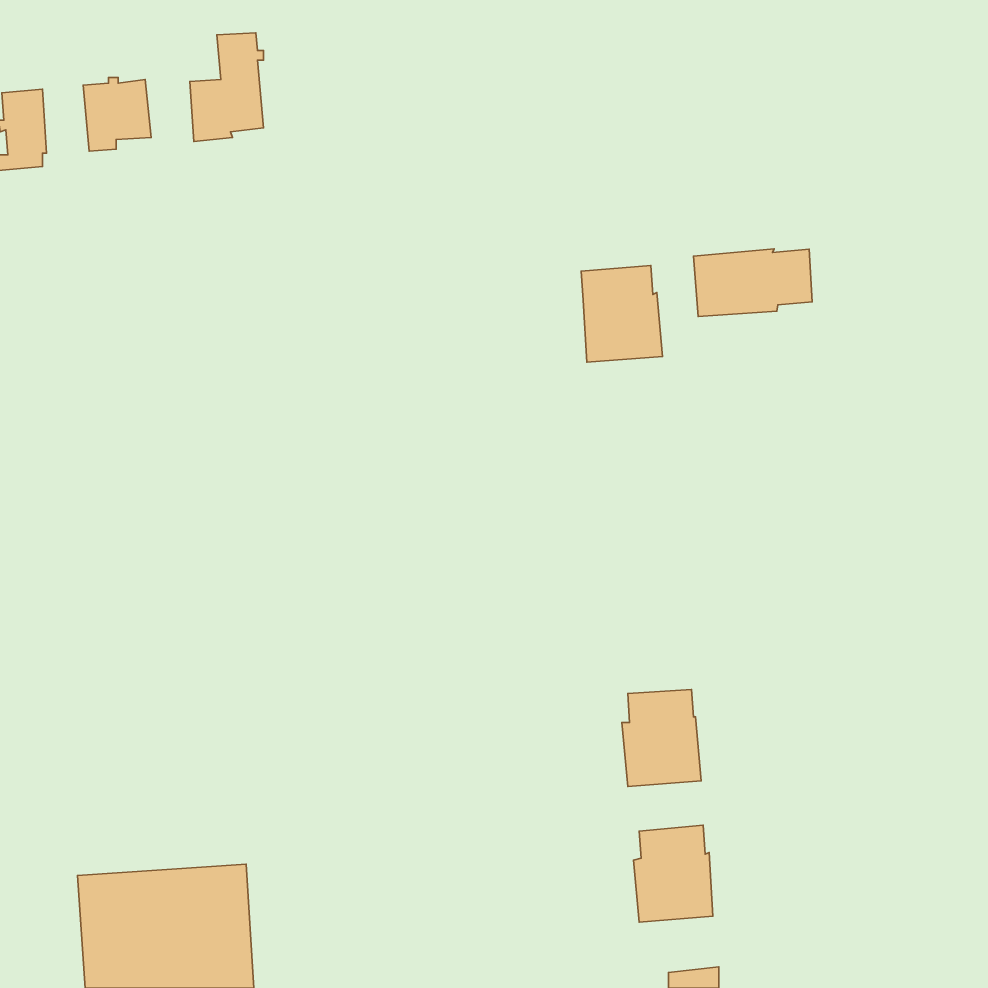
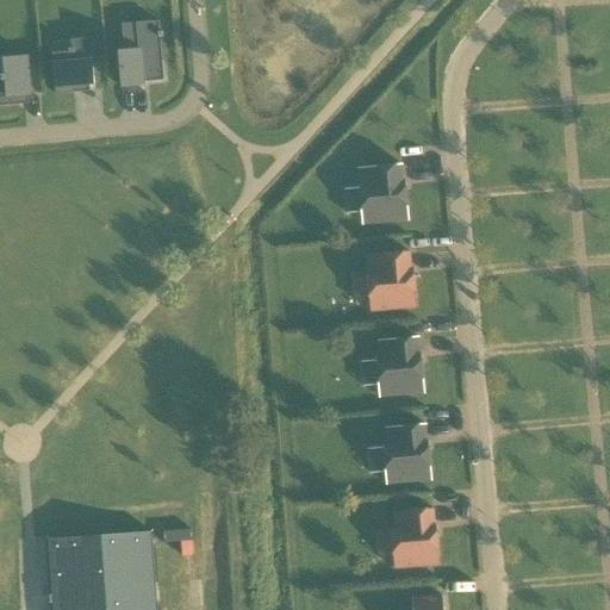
building: [693,249,812,317] -> none
building: none -> [366,253,416,312]
building: none -> [374,336,424,396]

